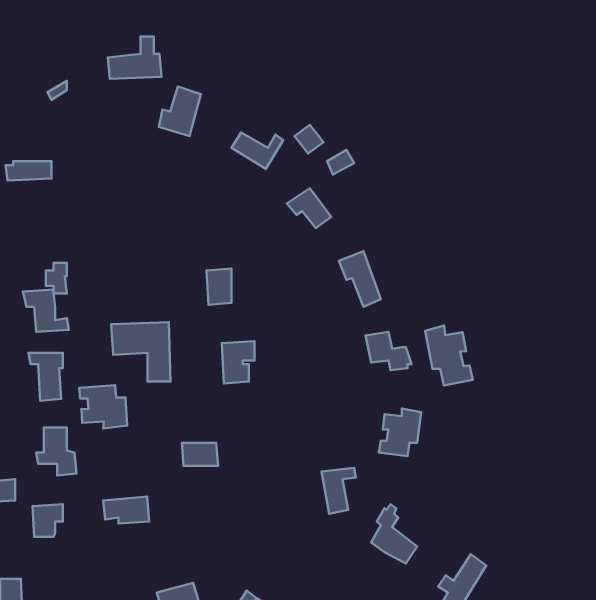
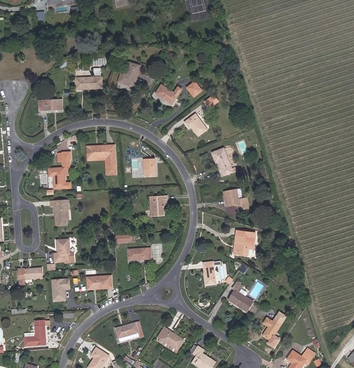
building: [108,37,162,79] -> [74,68,102,90]
building: [111,322,171,382] -> [86,143,117,174]
building: [425,326,473,385] -> none
building: [79,385,127,428] -> none

